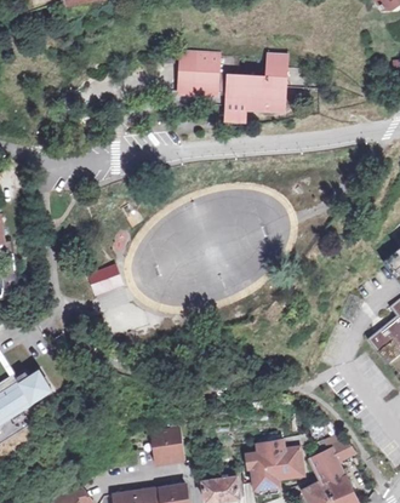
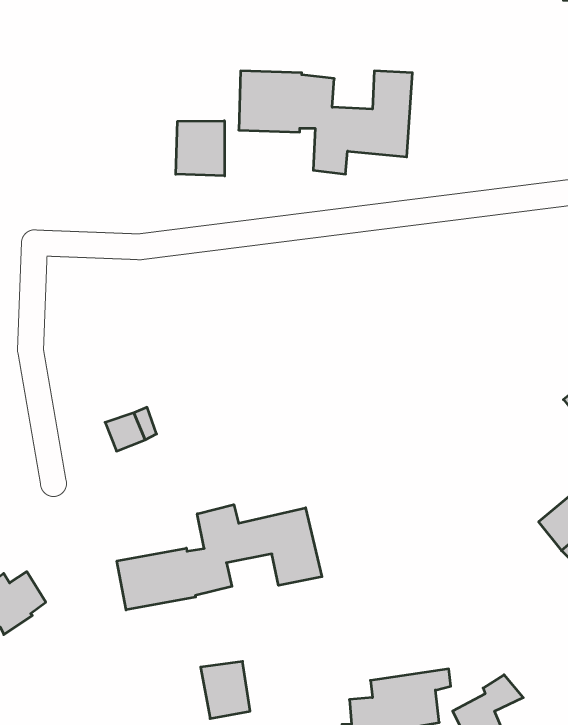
building: none -> [176,121,225,176]
building: none -> [117,505,322,610]

